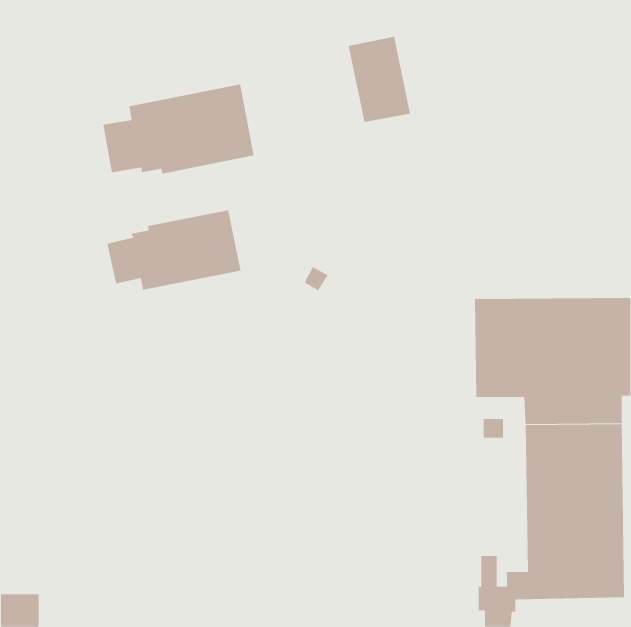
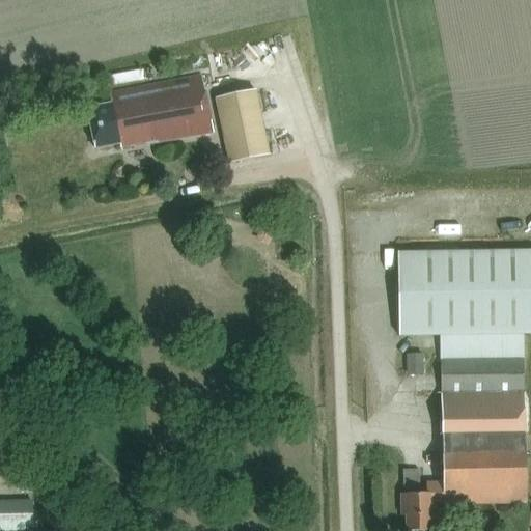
building: [348,36,411,122] -> [218,88,271,161]
building: [107,210,241,291] -> none

